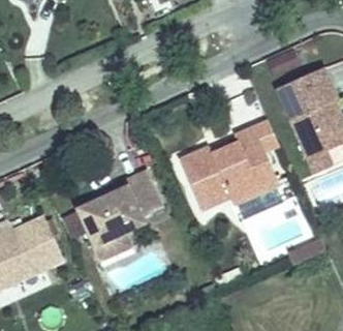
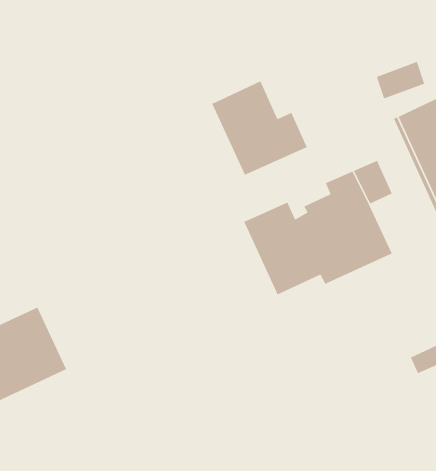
building: none -> [211,80,308,176]
building: [75,169,159,245] -> none

